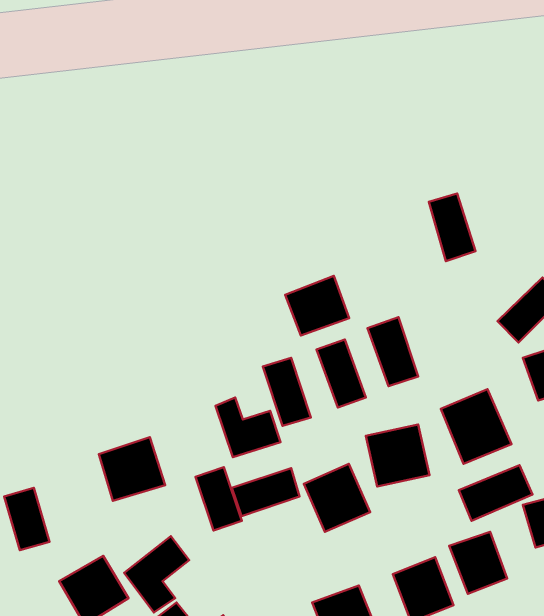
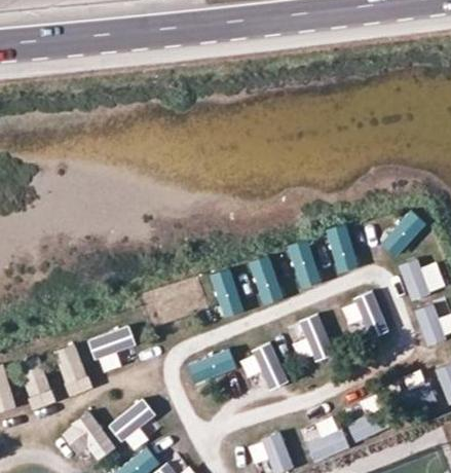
building: [429,193,475,261] -> [325,224,359,274]
building: [285,276,349,335] -> none
building: [215,397,281,457] -> none
building: none -> [52,343,91,396]
building: [459,465,533,521] -> none
building: [195,467,242,531] -> none

